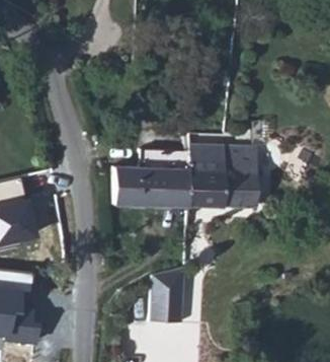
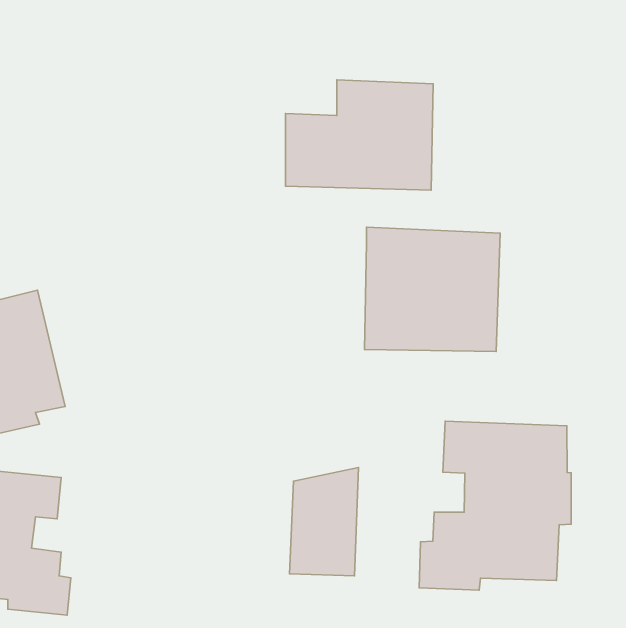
building: [113,150,189,207] -> [286,80,433,190]
building: none -> [419,421,571,590]

